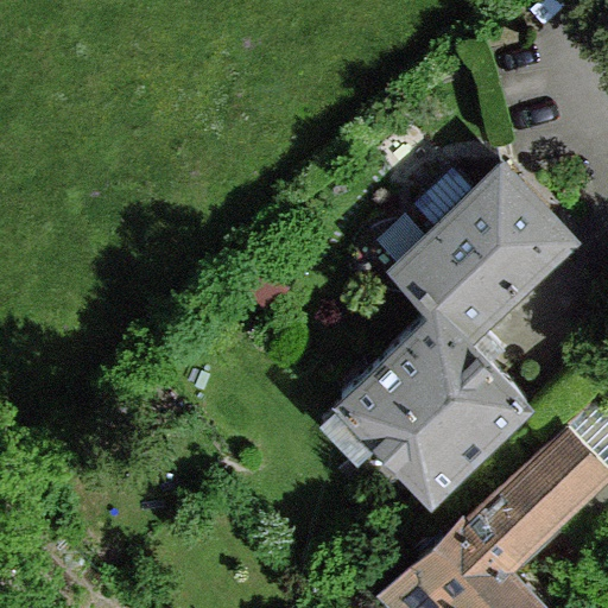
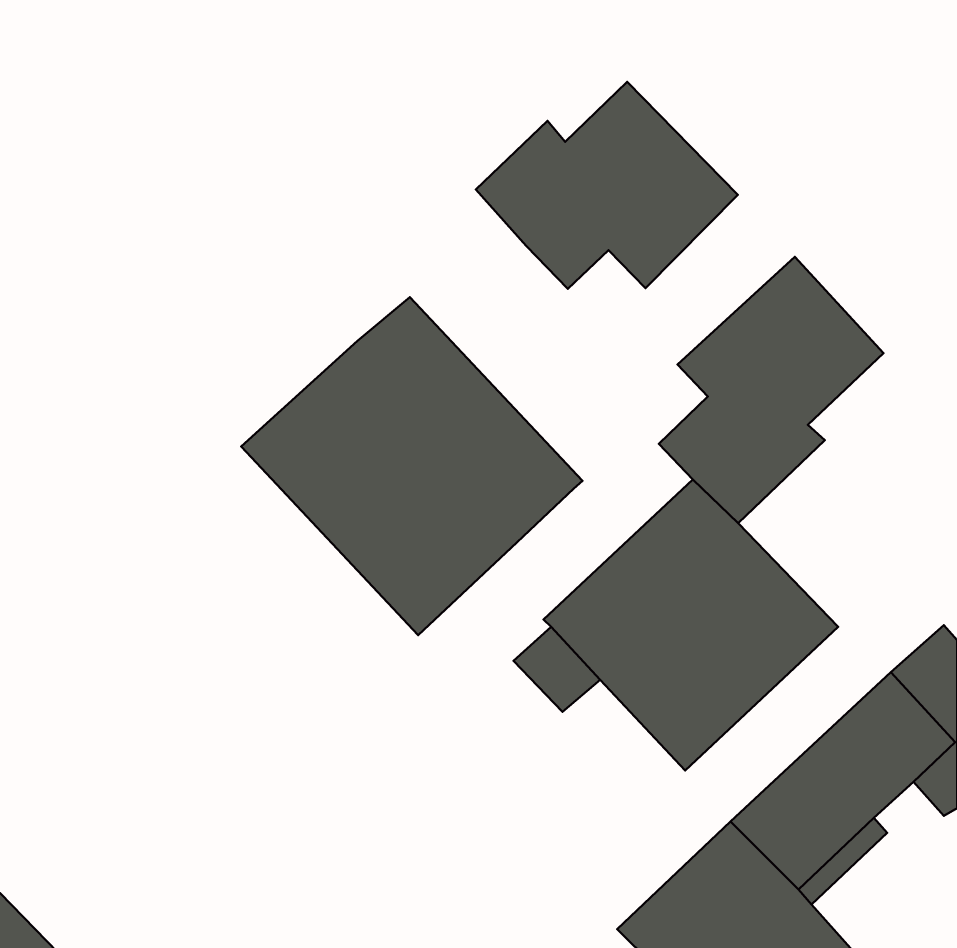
building: none -> [476,82,738,289]
building: none -> [241,297,582,635]

